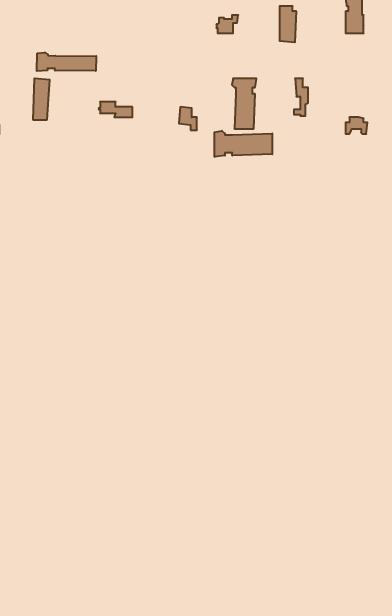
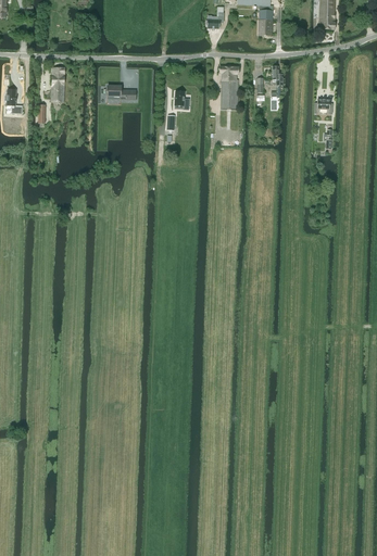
building: [37,52,96,71] -> none
building: [215,131,272,157] -> none

